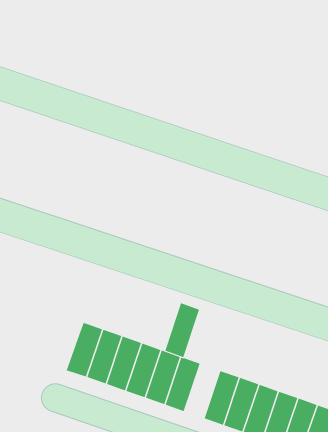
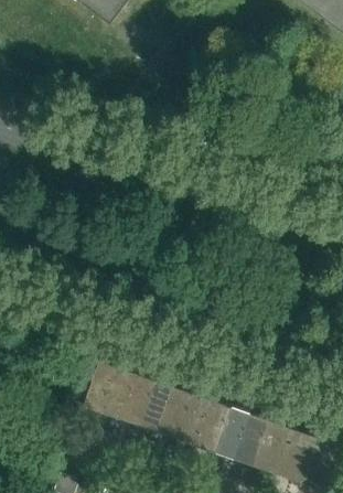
building: [164,303,200,358] -> [194,399,228,452]

